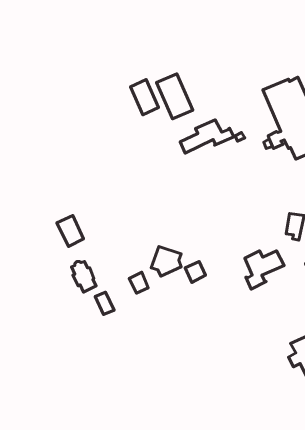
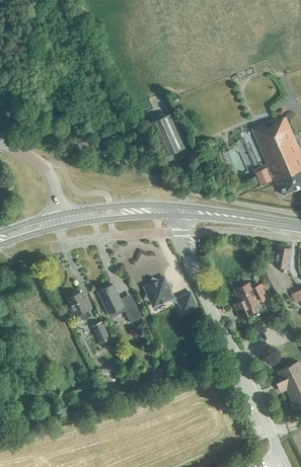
building: [130,79,158,115] -> none
building: [180,120,234,153] -> none
building: [57,216,84,246] -> [98,284,124,313]

